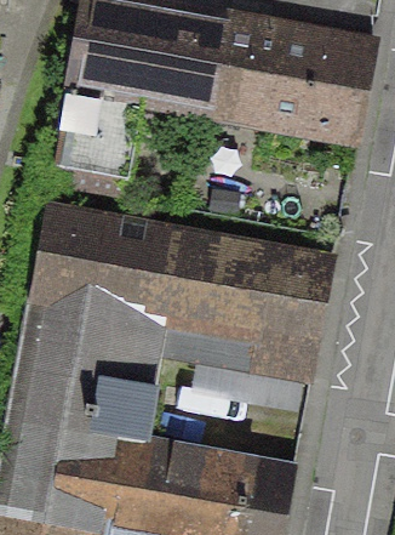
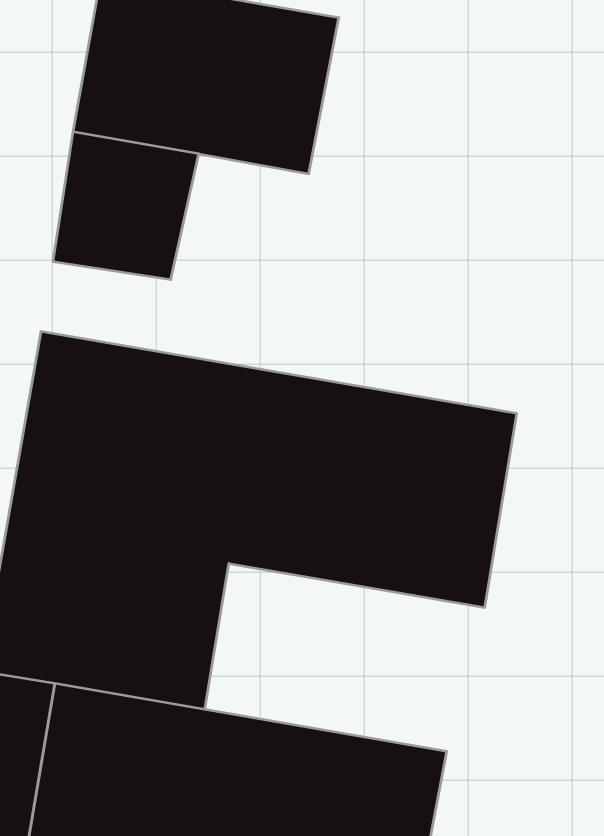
building: [208,15,367,135] -> none

